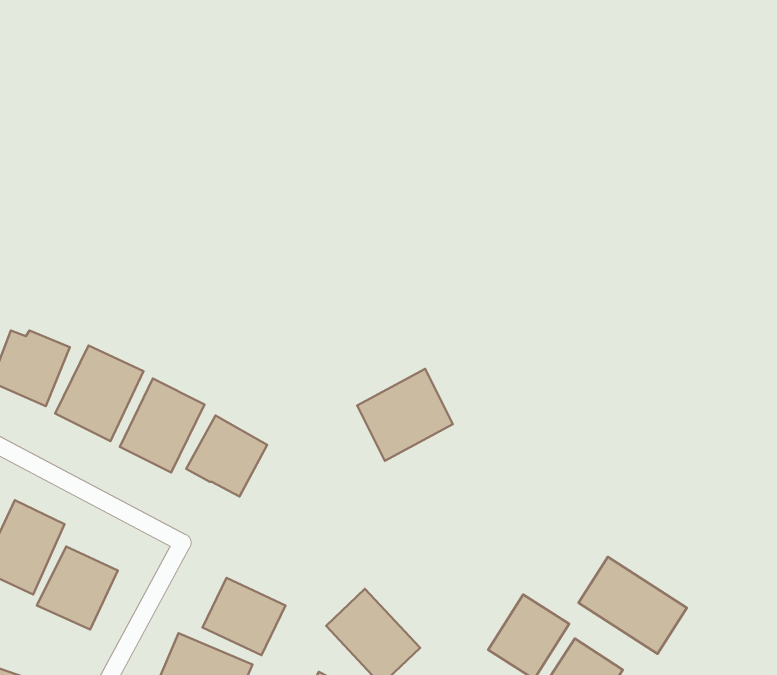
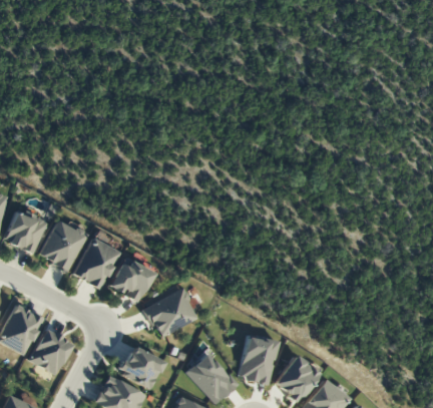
building: [357,369,453,461] -> [144,288,196,338]
building: [578,557,687,654] -> none
building: none -> [239,337,277,383]

